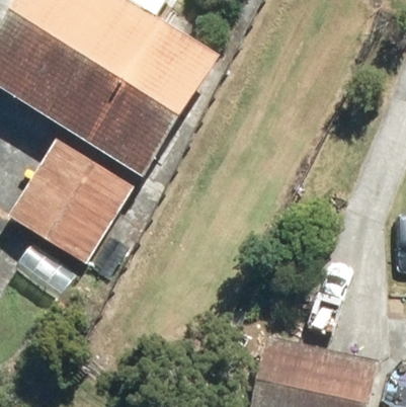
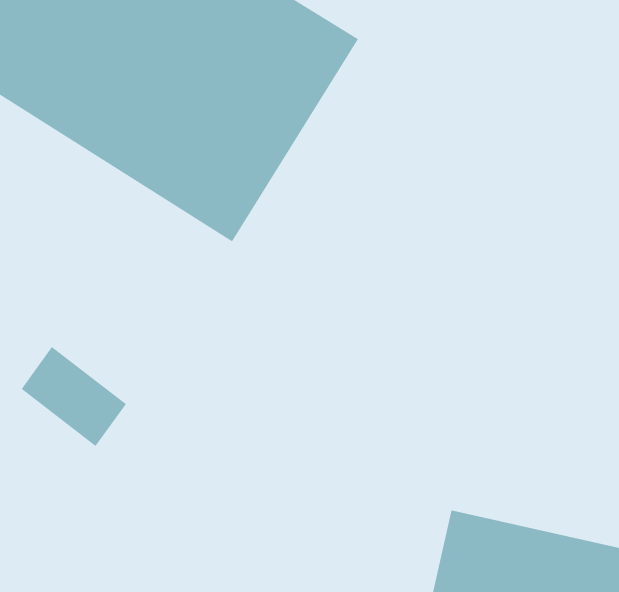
building: [9,139,132,261] -> none

